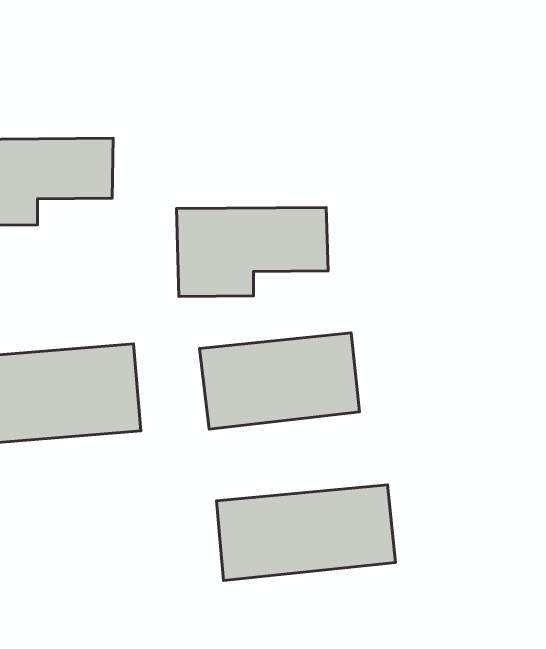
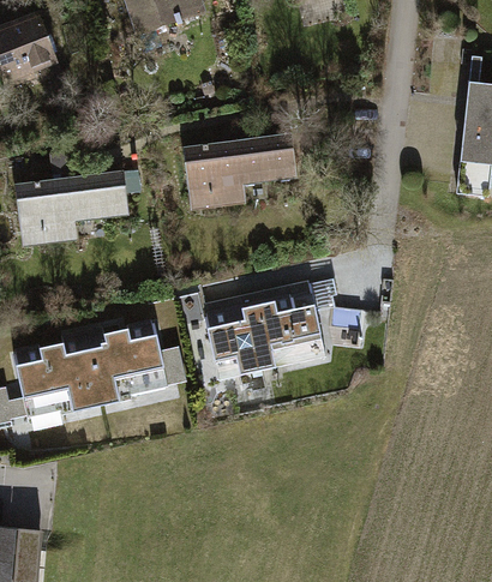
building: [177,207,328,297] -> [178,127,295,206]
building: [217,485,396,581] -> none

